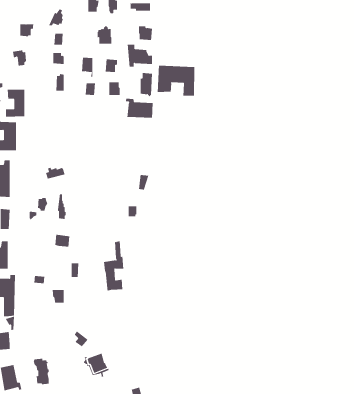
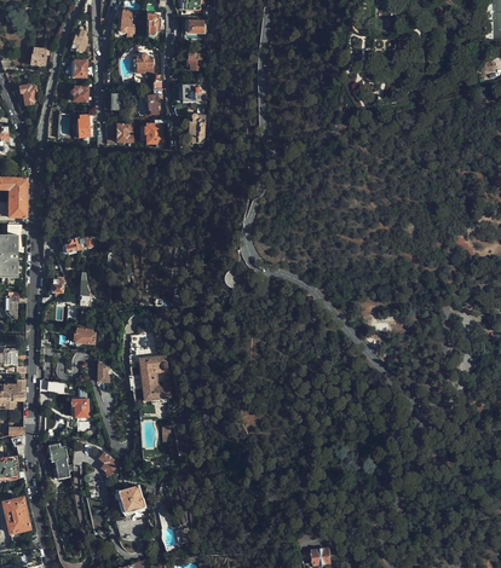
building: [157,65,195,97] -> none
building: [6,89,25,118] -> none
building: [126,98,153,118] -> none
building: [33,358,49,385] -> [47,444,69,479]

